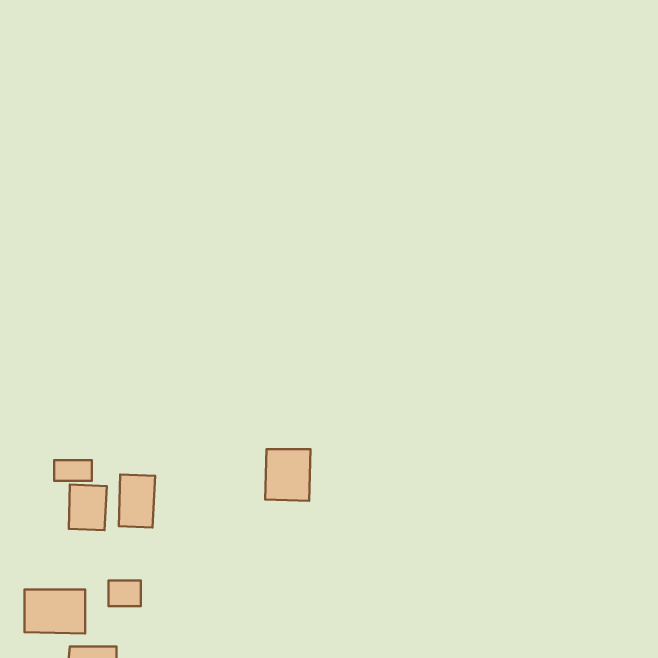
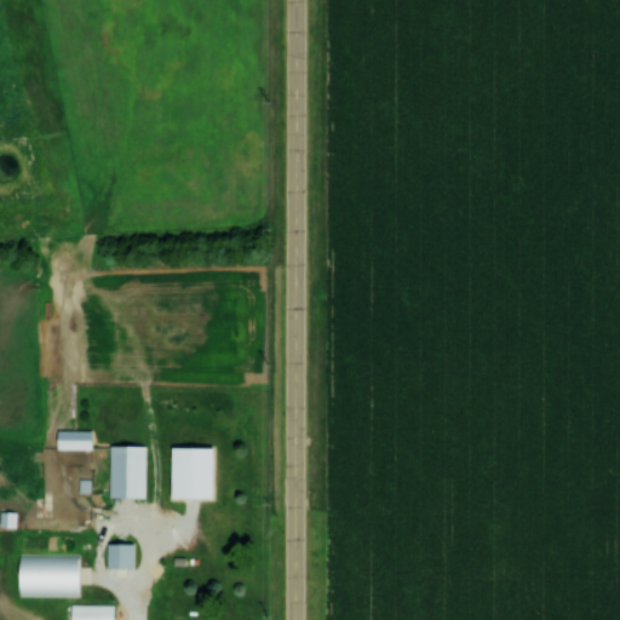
building: [265,449,310,501] -> [172,448,214,496]
building: [69,485,107,530] -> none

